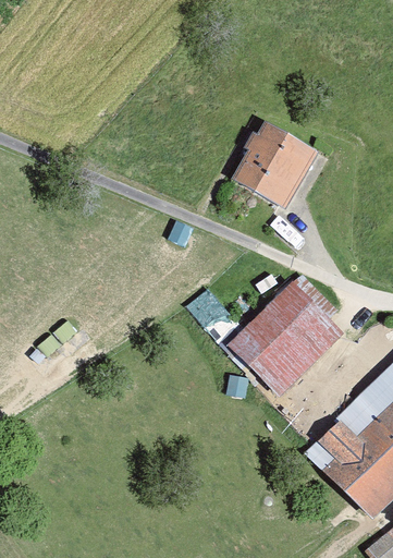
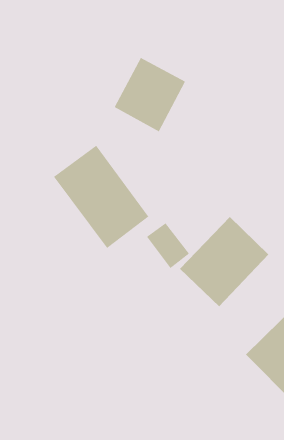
building: [233,123,321,215] -> [114,57,186,132]
building: none -> [53,145,149,249]

